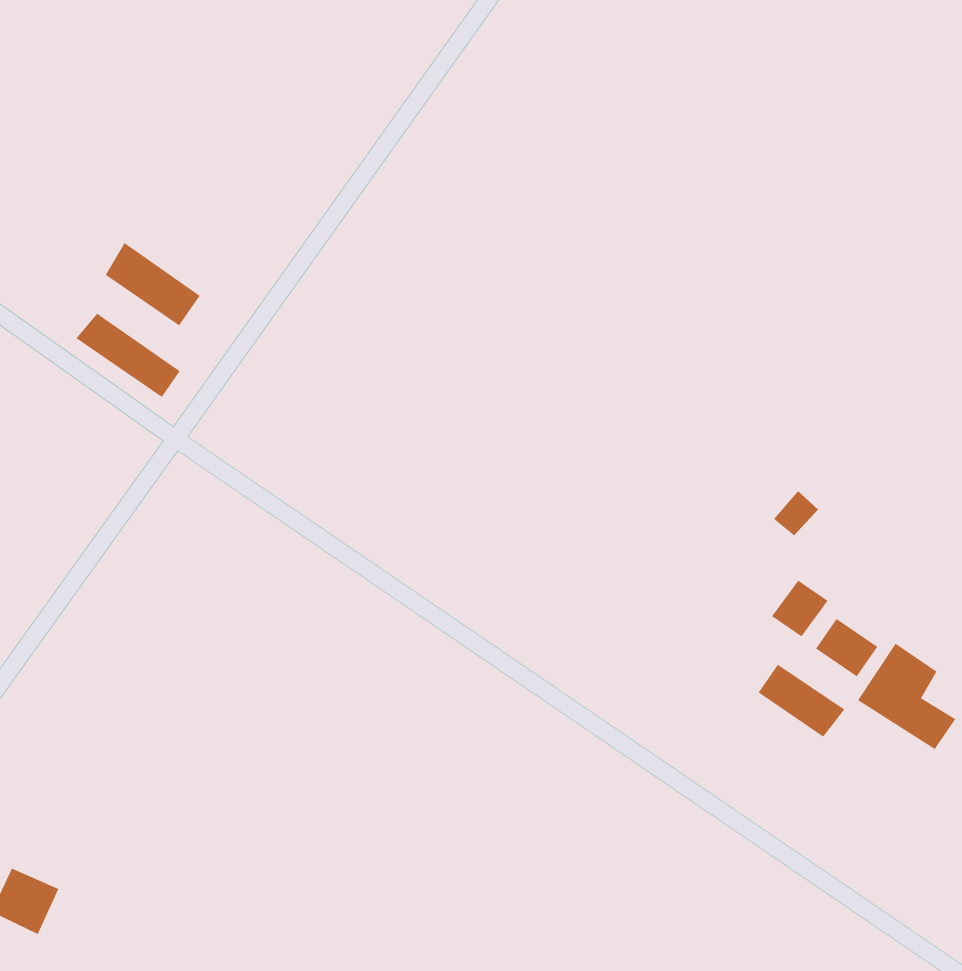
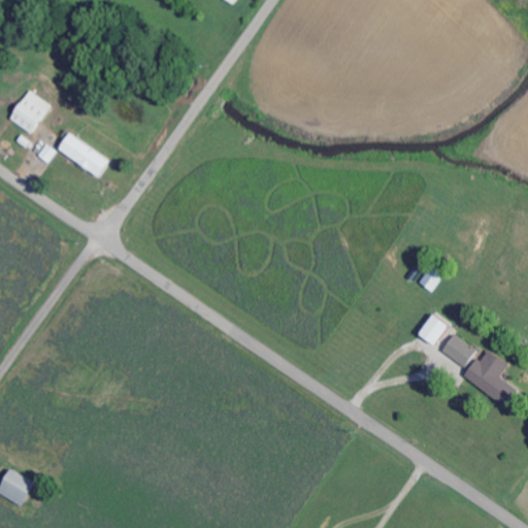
building: none -> [7,89,48,132]
building: [75,313,181,398] -> none
building: [758,664,845,737] -> none

